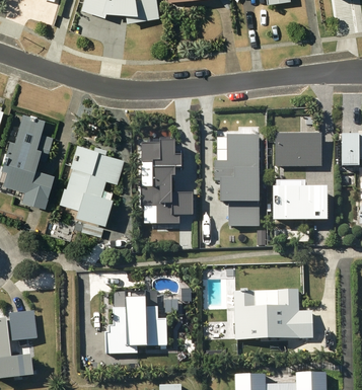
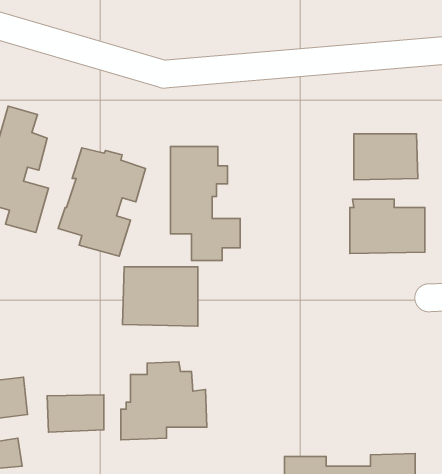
building: [207,129,252,221] -> none
building: none -> [123,267,198,326]
building: [231,284,307,335] -> none
building: none -> [47,395,104,432]

